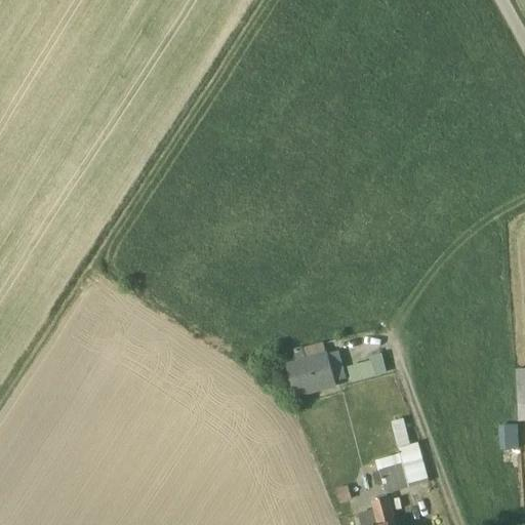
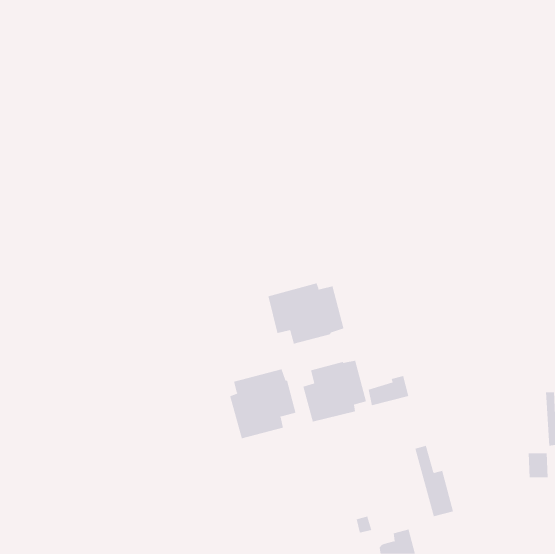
building: none -> [268,282,344,344]
building: none -> [229,368,296,439]
building: [372,448,409,494] -> none

